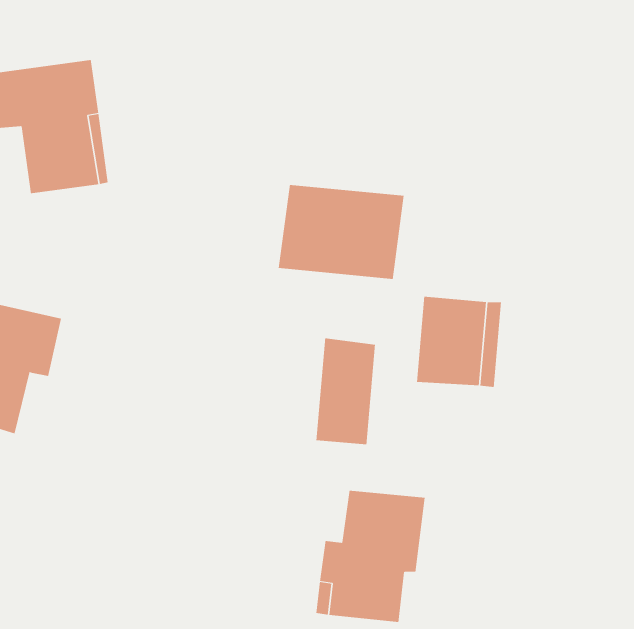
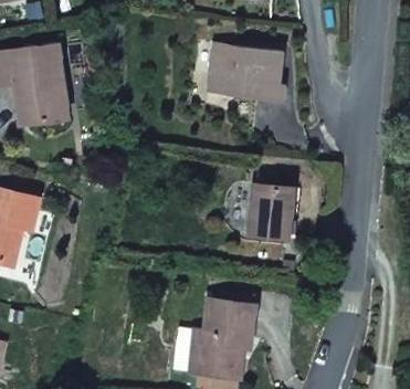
building: [278,184,405,280] -> [207,41,282,97]
building: [316,337,376,445] -> none

